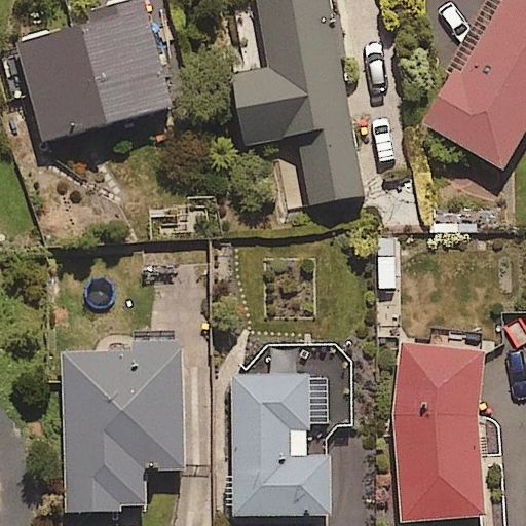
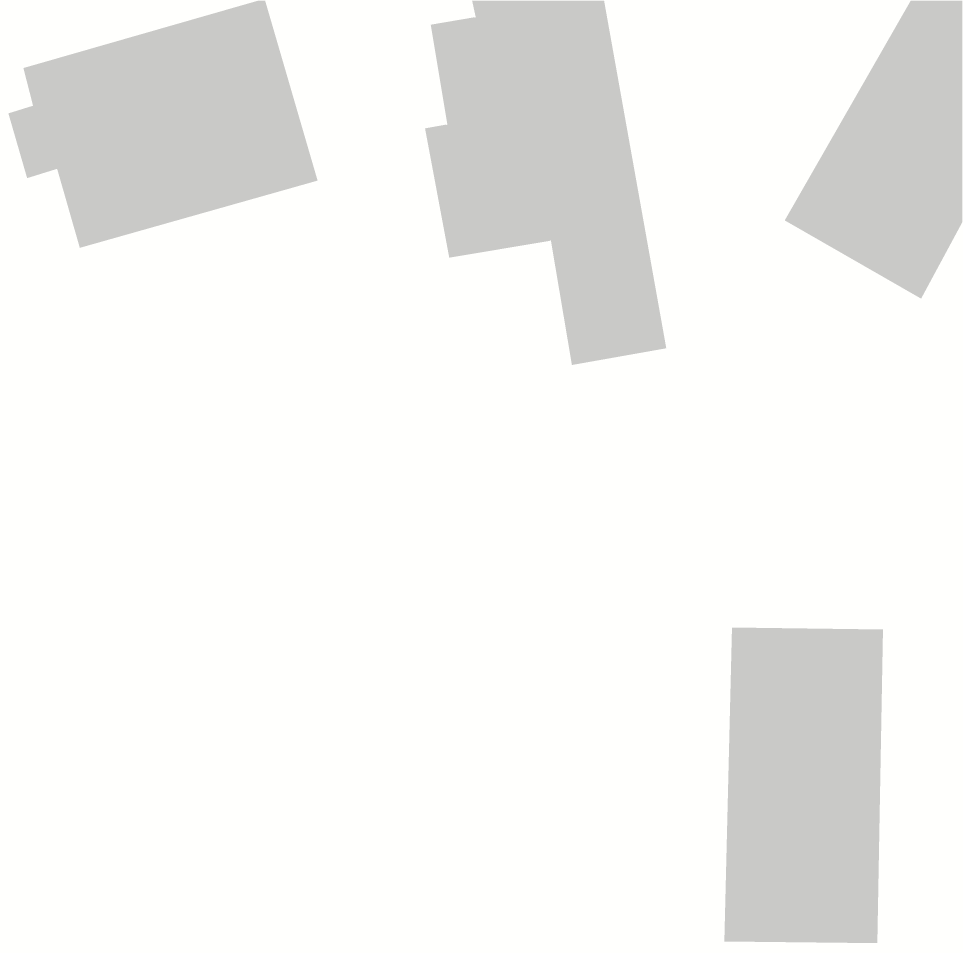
building: [61,342,184,509] -> none
building: [231,349,351,516] -> none

